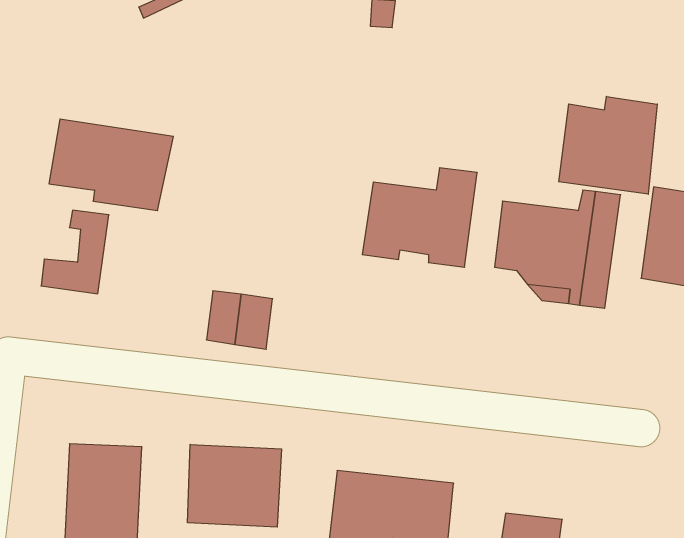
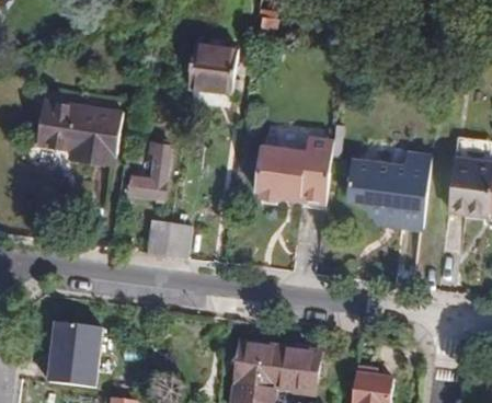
building: none -> [188,42,238,92]
building: [559,96,657,194] -> none
building: [41,210,109,294] -> [126,142,173,200]
building: [188,444,281,527] -> none

